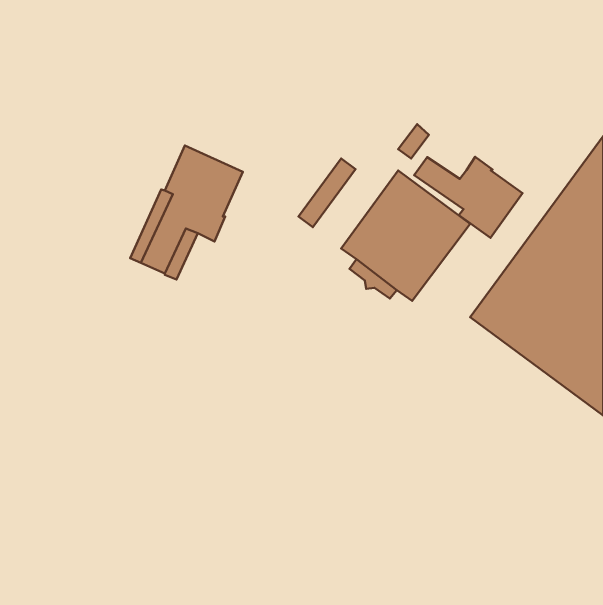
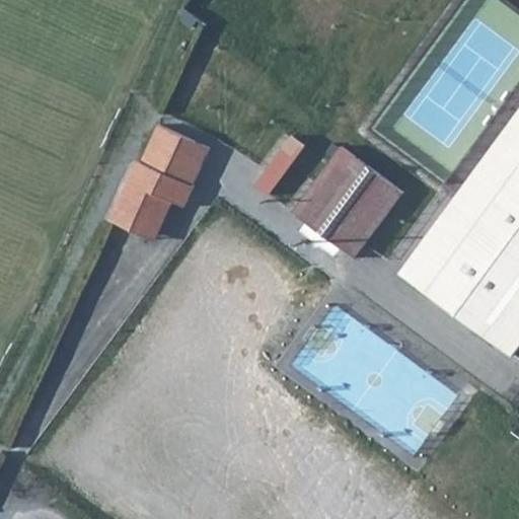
building: [414,157,522,238] -> none

